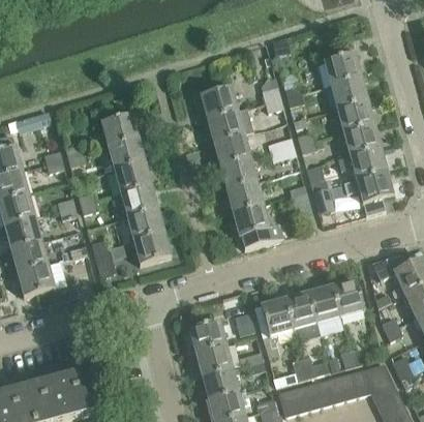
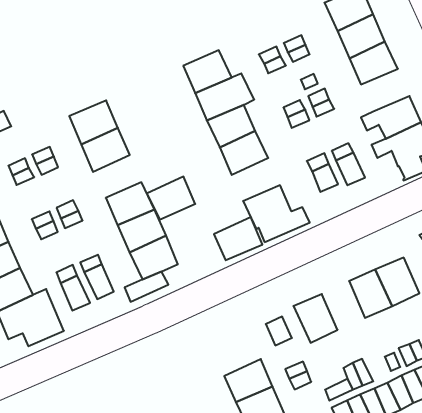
building: [342,123,381,155] -> none
building: [113,160,151,192] -> [147,177,195,219]
building: [225,180,264,212] -> [214,217,262,260]
building: [284,291,320,341] -> none
building: [188,320,226,353] -> none

